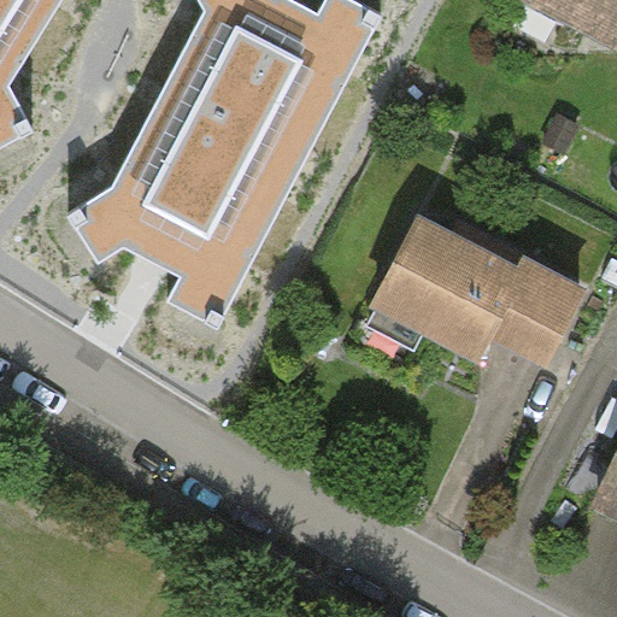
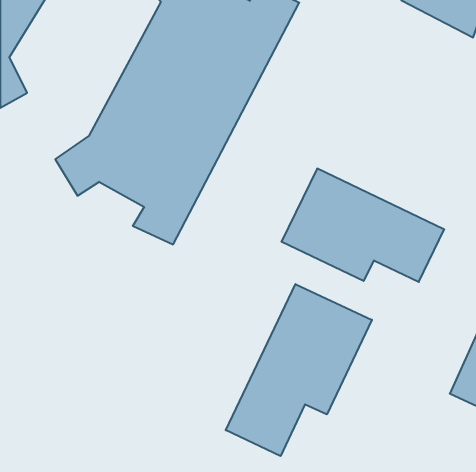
building: none -> [226,284,372,456]

